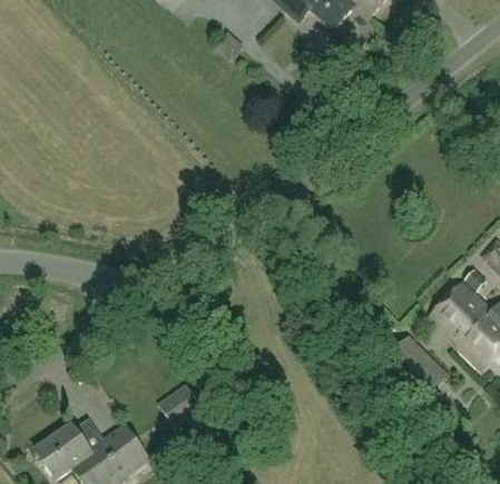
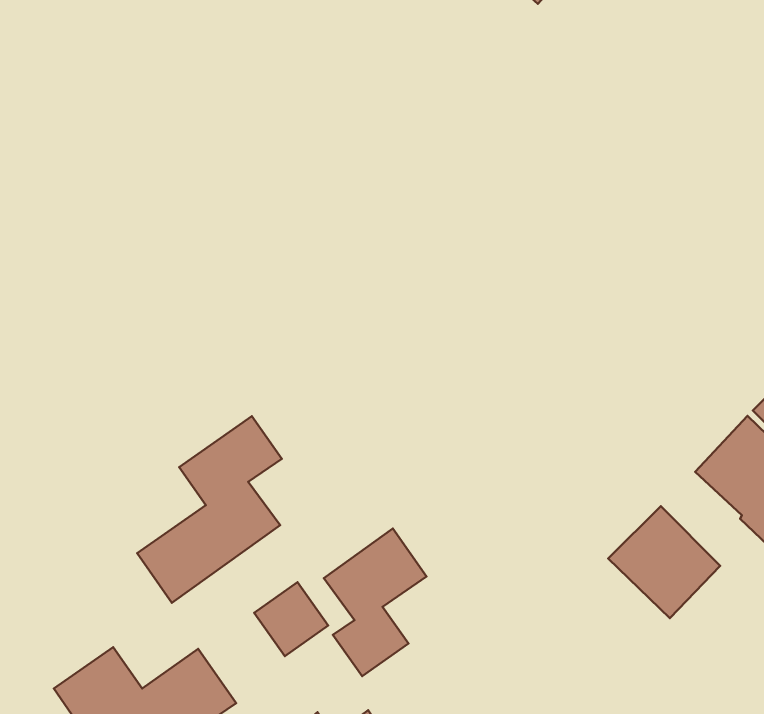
building: none -> [137,416,282,603]
building: none -> [324,528,427,676]

